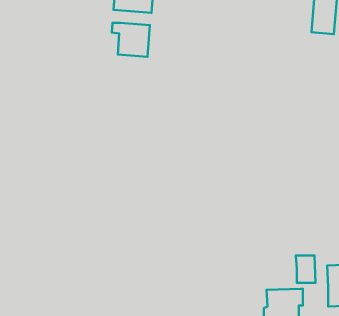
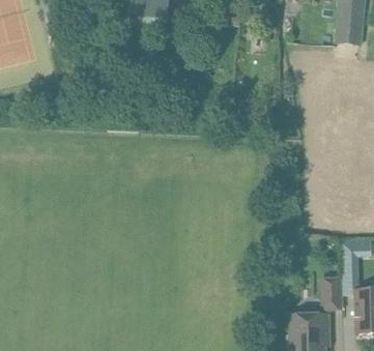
building: [112,23,150,57] -> none
building: none -> [340,252,358,282]

